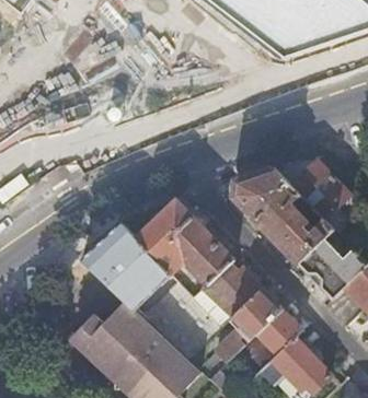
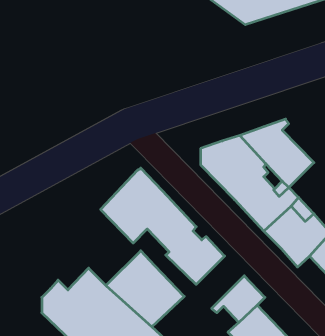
building: [81,224,169,311] -> none
building: [215,289,280,361] -> none

